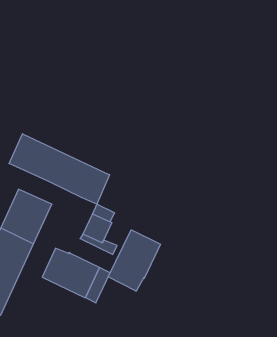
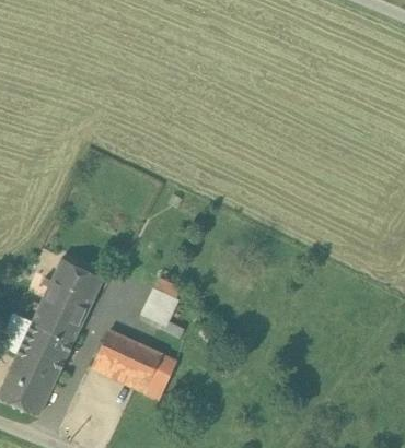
building: [9,134,110,204] -> none
building: [108,230,161,291] -> none

